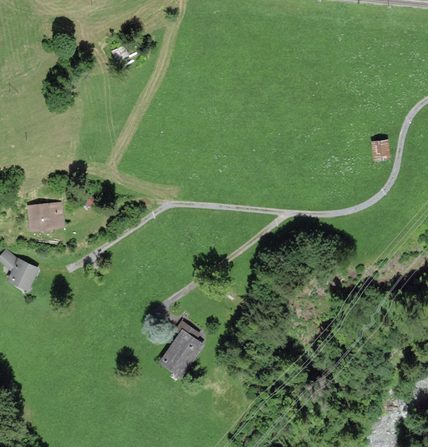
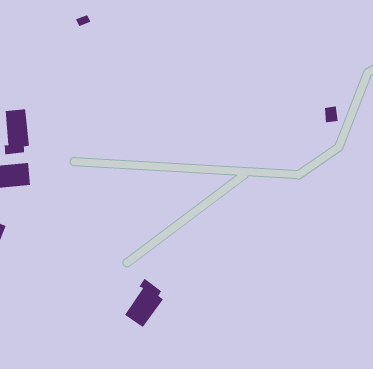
building: none -> [4,109,30,155]

